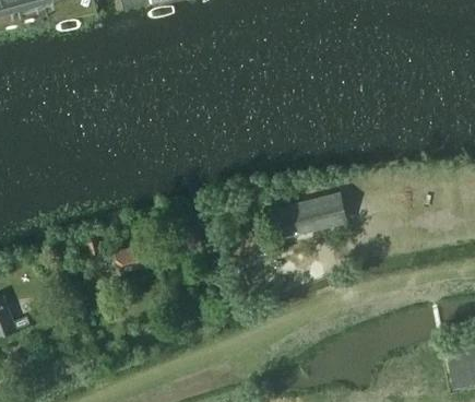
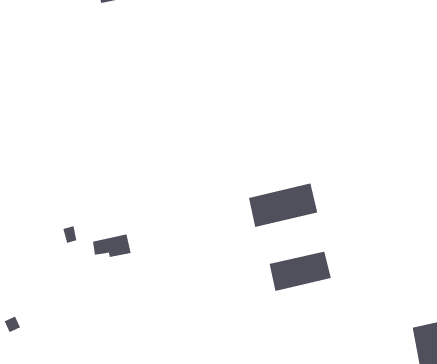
building: none -> [269,251,331,292]

